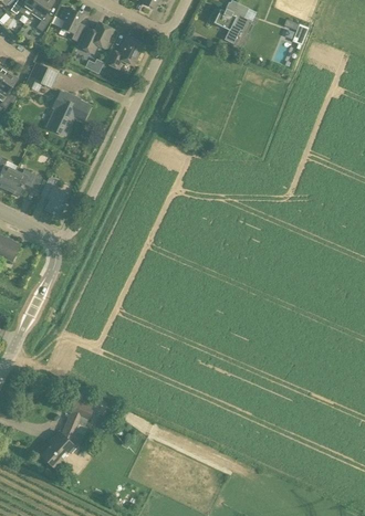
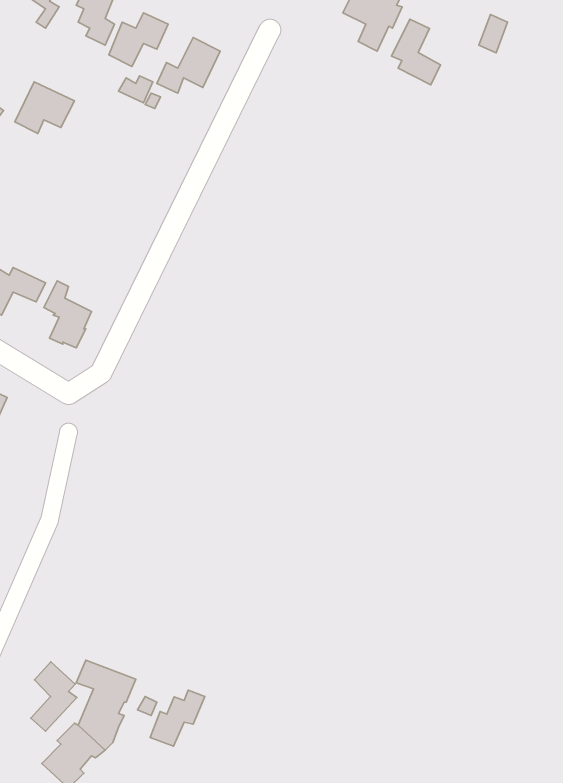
building: none -> [391,19,440,85]
building: [44,89,92,137] -> none
building: none -> [31,662,77,731]
building: none -> [150,690,205,746]

